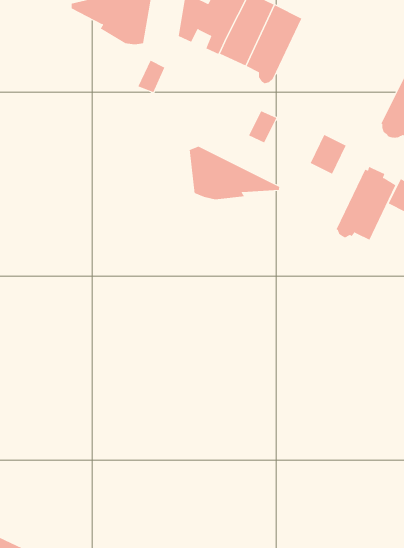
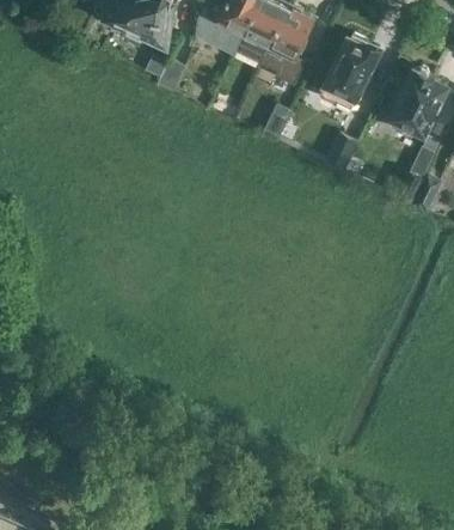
building: [189,146,280,200] -> none
building: [336,166,396,241] -> [321,35,379,105]

